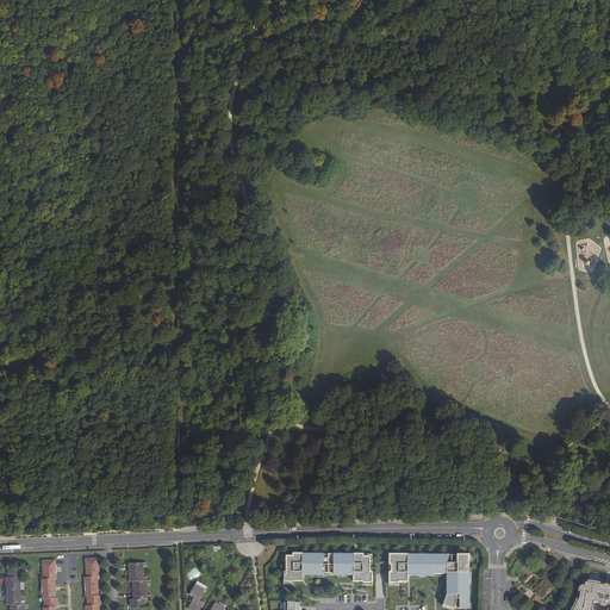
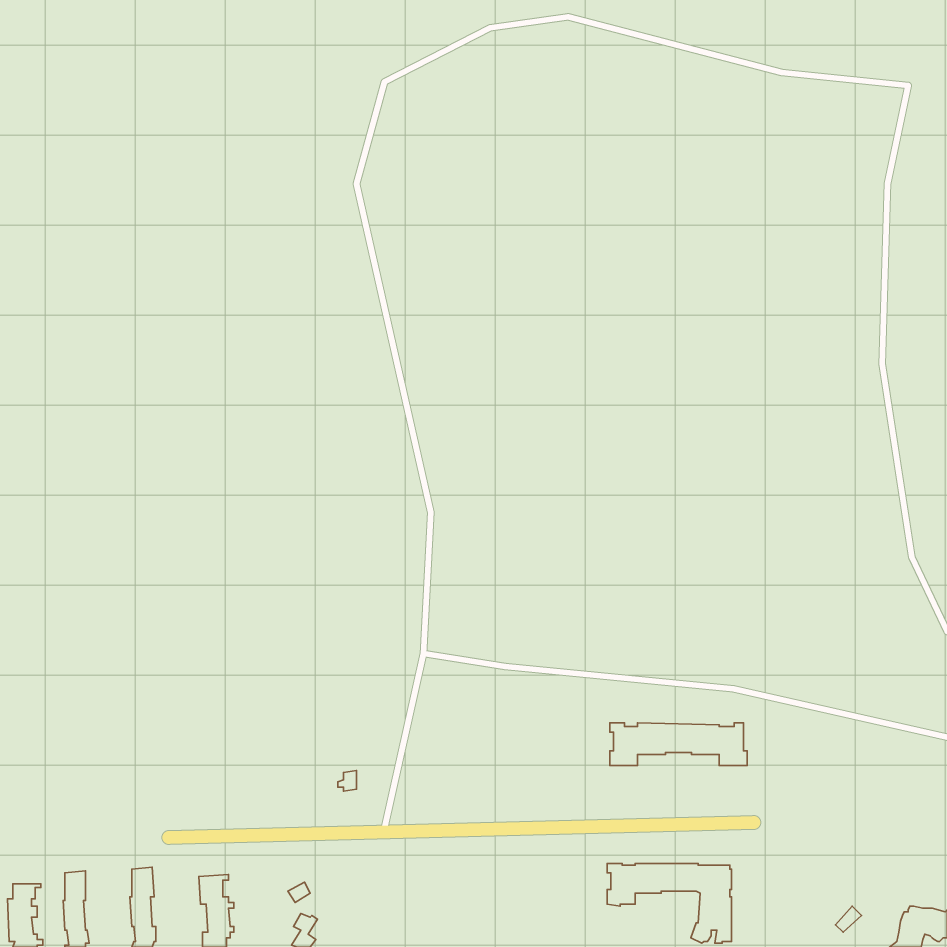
building: [284,553,372,580] -> [610,723,747,766]

